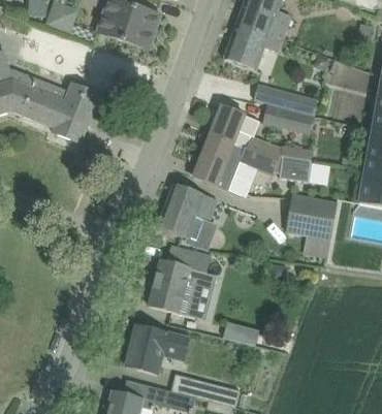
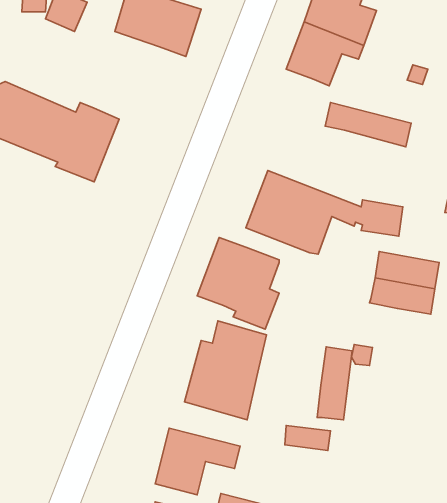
building: [211,103,313,160] -> none
building: [263,103,313,133] -> none
building: none -> [317,347,352,420]

